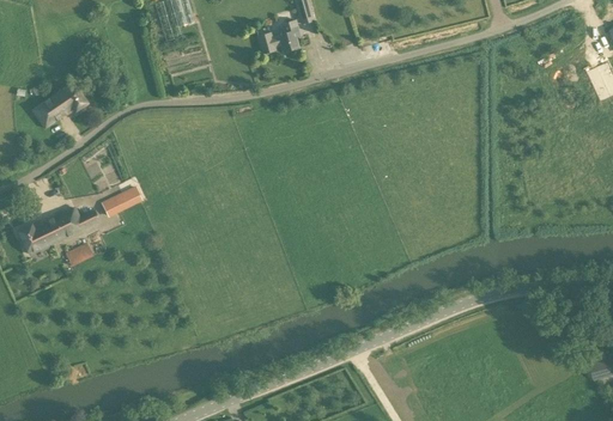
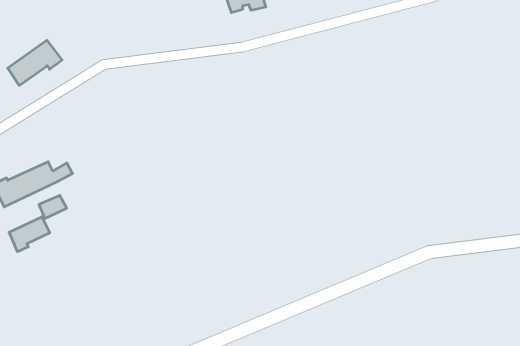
building: [102,187,141,218] -> none
building: none -> [9,217,50,252]

